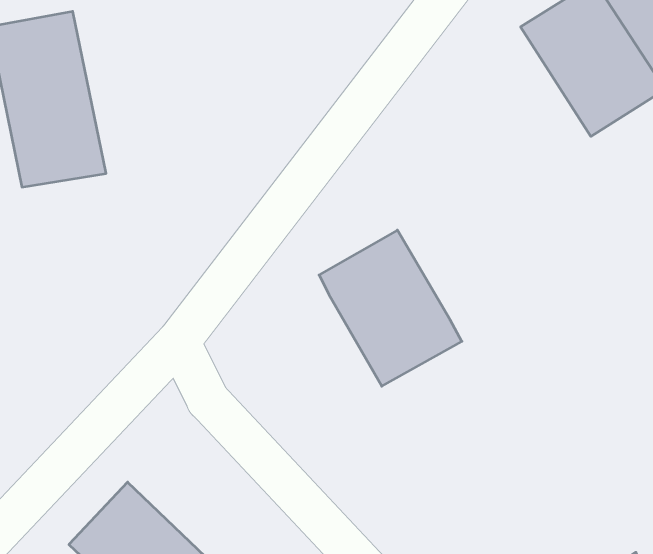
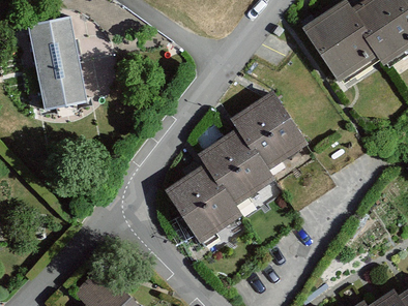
building: none -> [234,95,310,178]
building: none -> [162,164,237,247]

